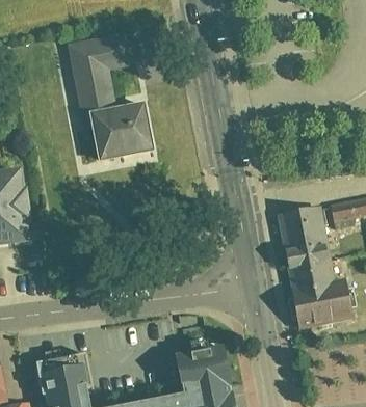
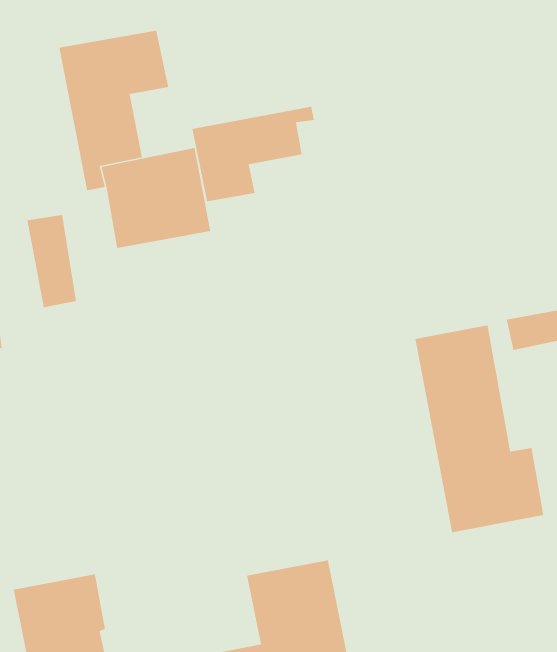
building: none -> [191,106,315,202]
building: none -> [27,214,77,308]

